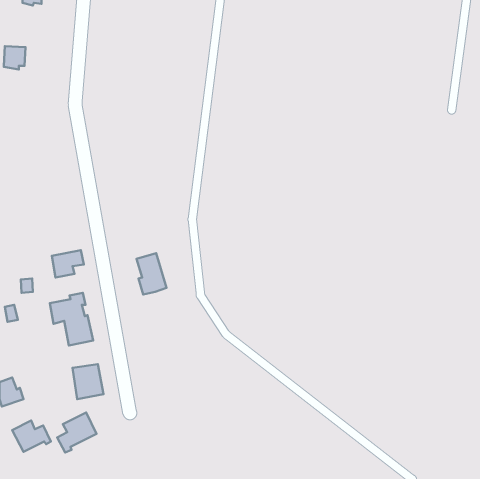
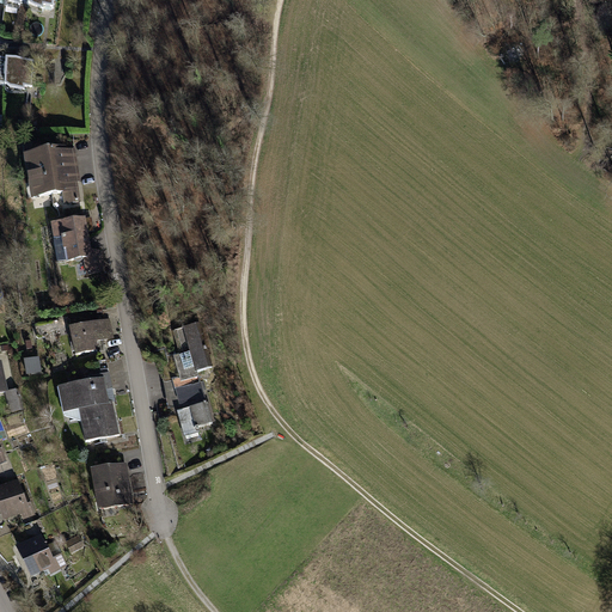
building: none -> [24,143,78,201]
building: none -> [54,219,88,262]
building: none -> [172,371,212,433]
building: [57,413,96,453] -> none

